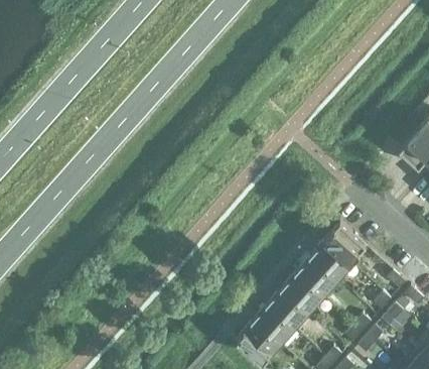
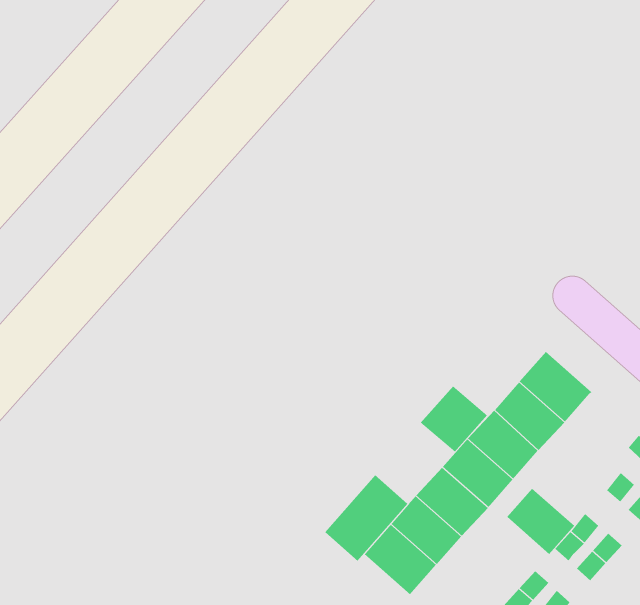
building: none -> [420,385,488,453]
building: none -> [324,474,408,561]
building: none -> [506,488,575,555]

